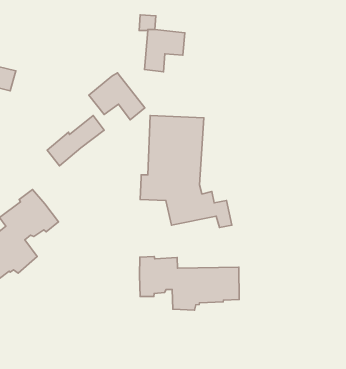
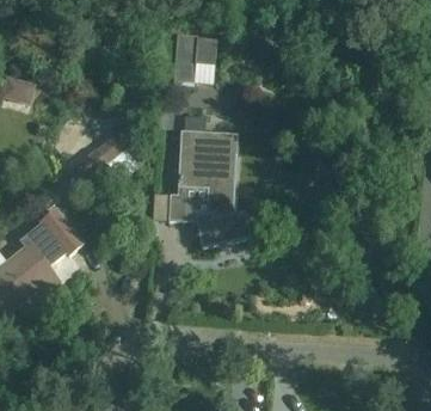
building: [89,73,145,120] -> none
building: [140,257,239,310] -> none

